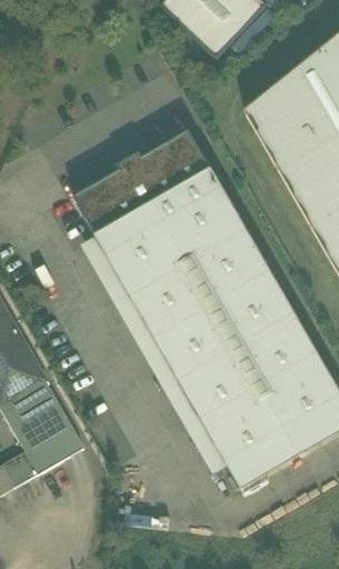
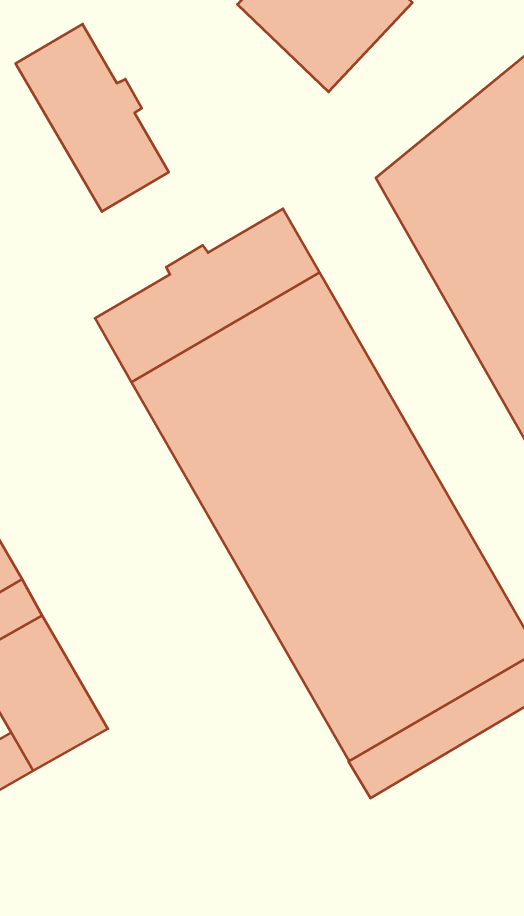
building: none -> [16,24,169,212]
building: [81,234,229,473] -> none

